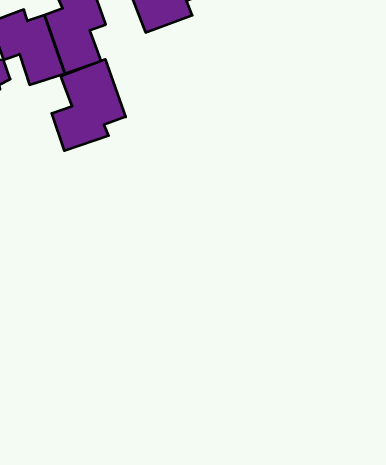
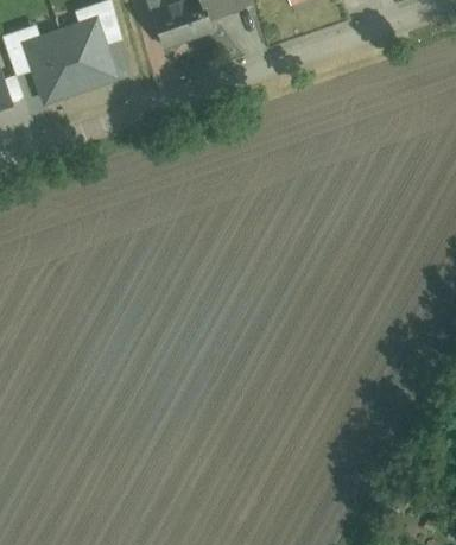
building: [52,59,126,151] -> none

